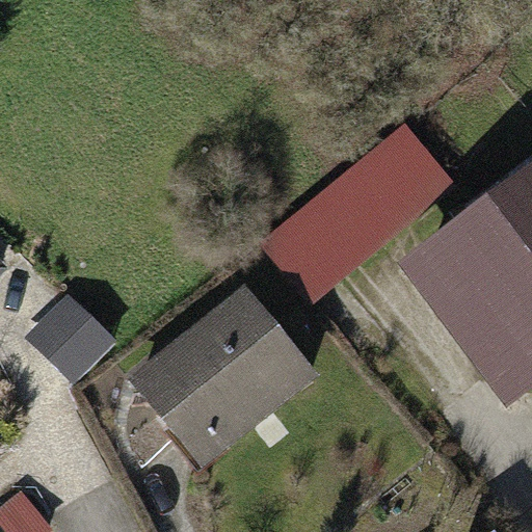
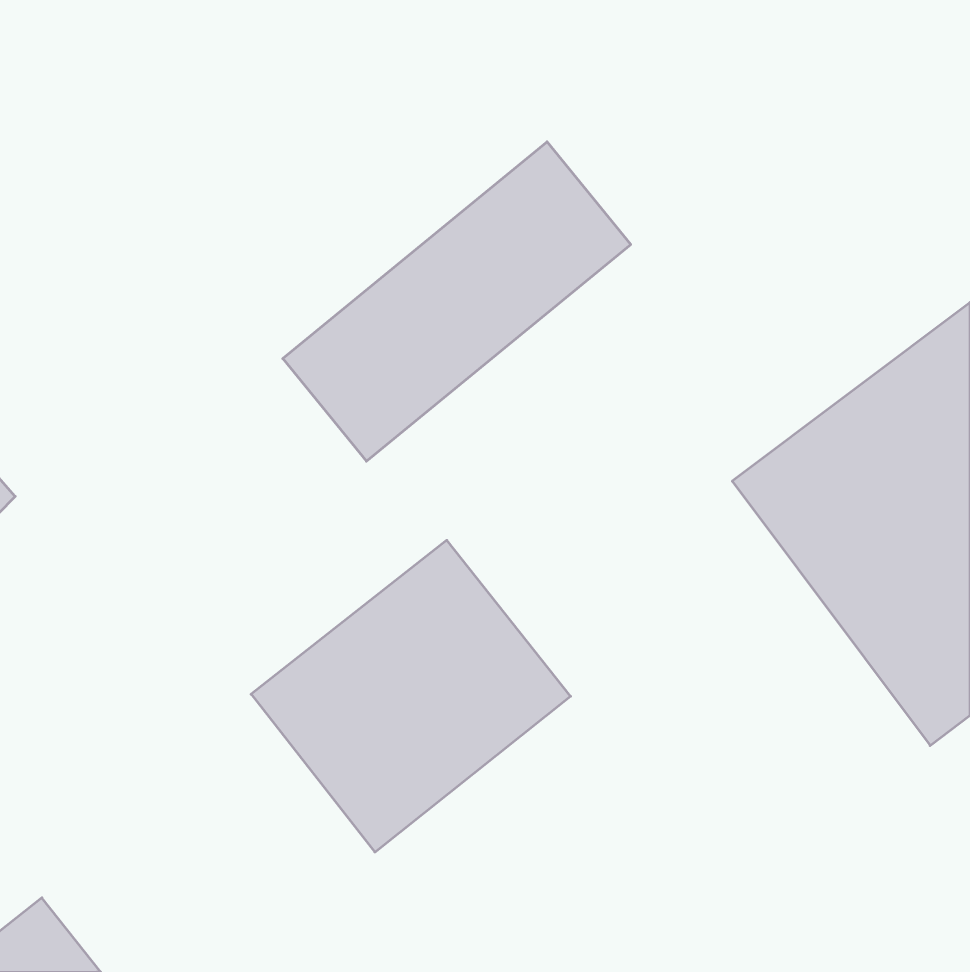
building: [265,118,455,293] -> [283,142,631,461]
building: [24,293,118,388] -> none

